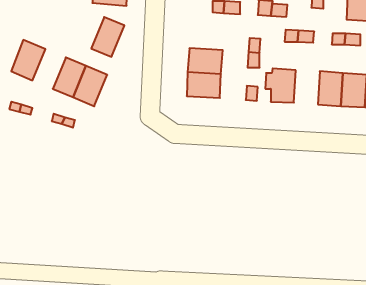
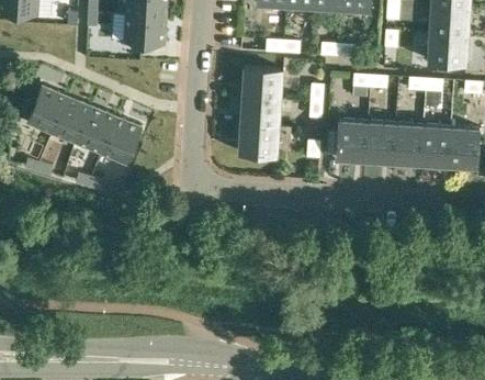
building: [91,17,124,57] -> [54,98,93,145]
building: none -> [240,68,282,99]
building: none -> [364,123,395,164]

